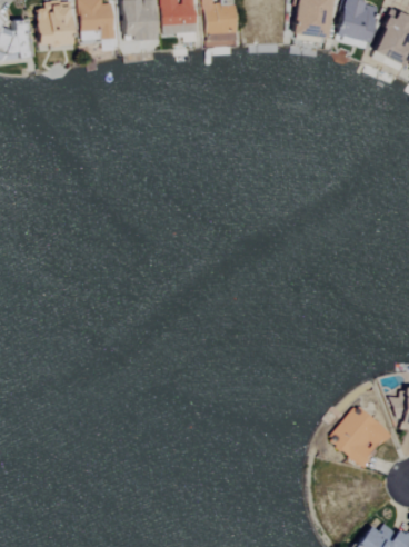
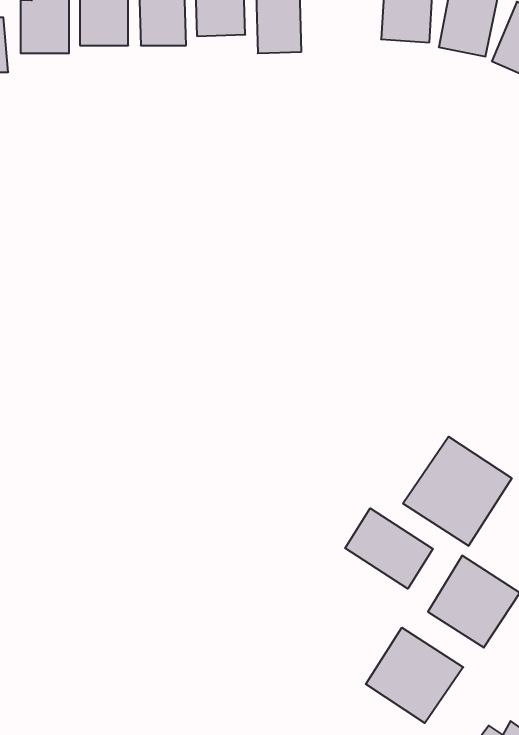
building: none -> [403,437,512,546]
building: none -> [345,508,433,589]
building: none -> [366,628,463,723]

